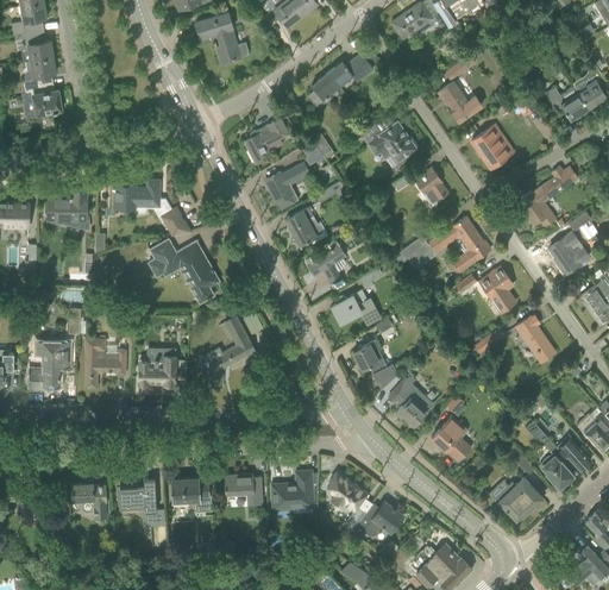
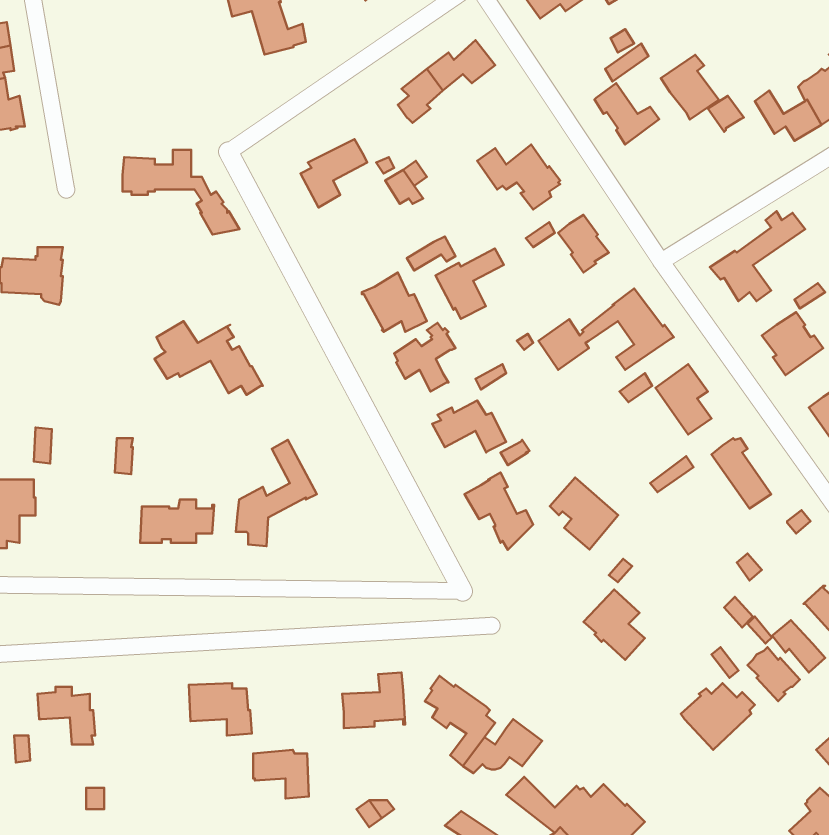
building: [472,125,510,168] -> [661,55,719,120]
building: [265,162,310,208] -> [435,249,504,319]
building: [114,180,192,236] -> [123,150,240,235]
building: [86,339,126,388] -> none
building: [389,377,434,425] -> [550,477,618,549]
building: [226,473,263,506] -> [253,750,309,798]
building: [120,478,158,522] -> none

